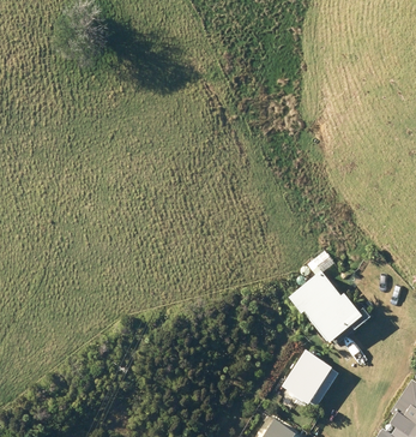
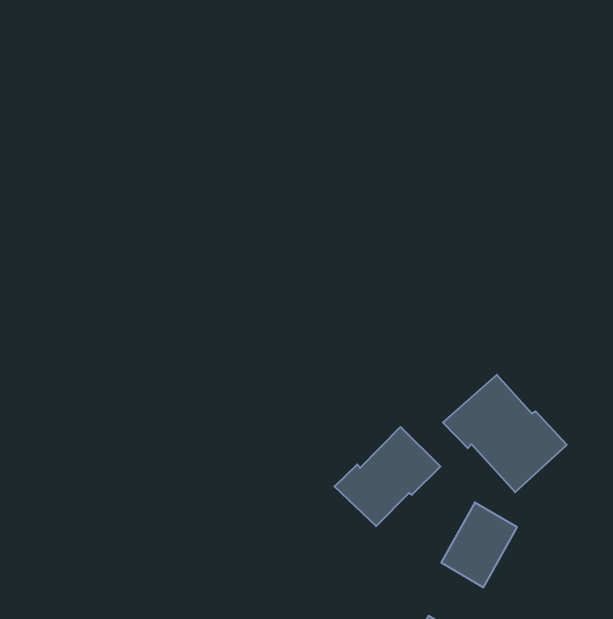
building: none -> [334,427,440,526]

